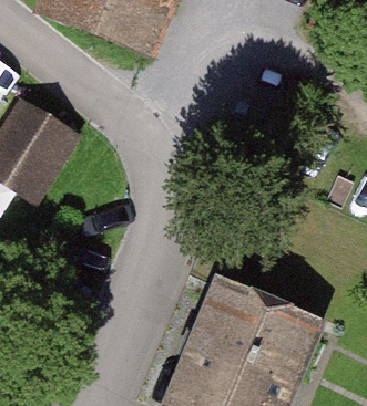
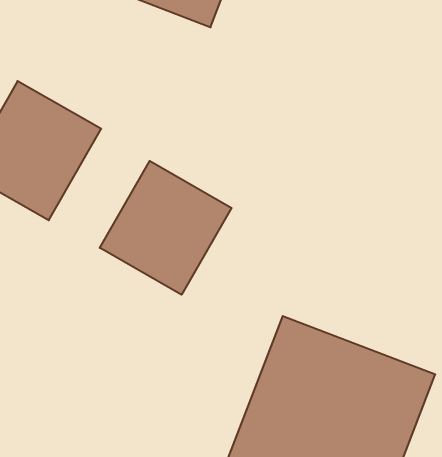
building: none -> [100,161,232,295]

